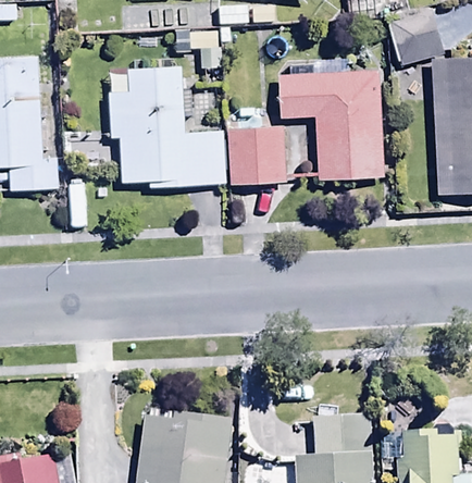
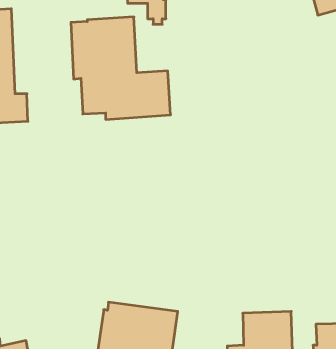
building: [281,59,385,182] -> none
building: [228,127,287,186] -> none

